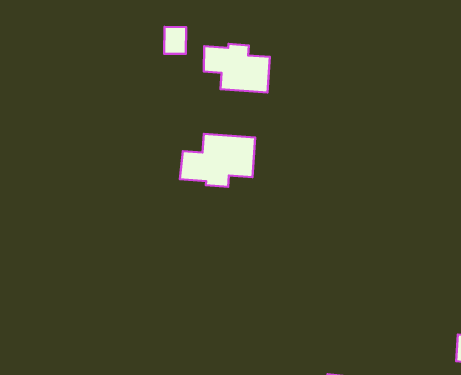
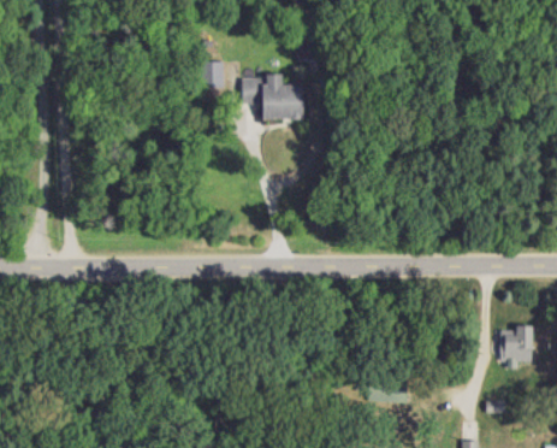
building: [180,134,255,187] -> none

